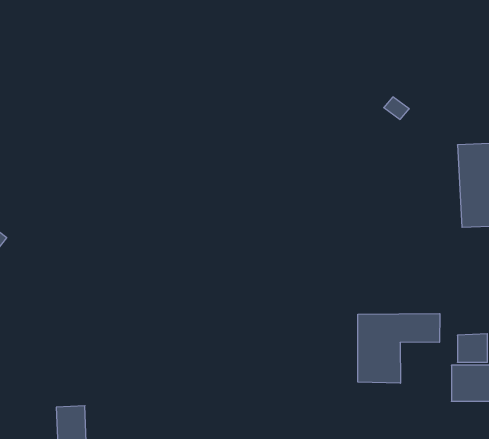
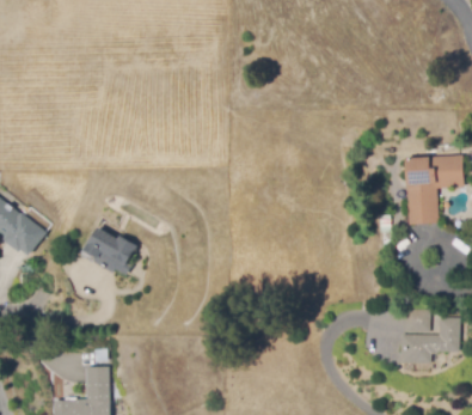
building: none -> [79,224,136,274]
building: [358,314,440,383] -> none

